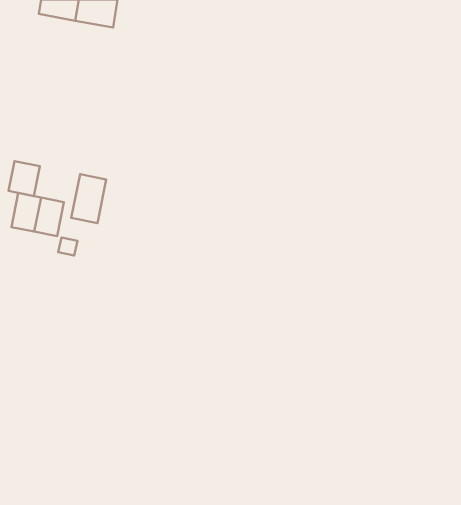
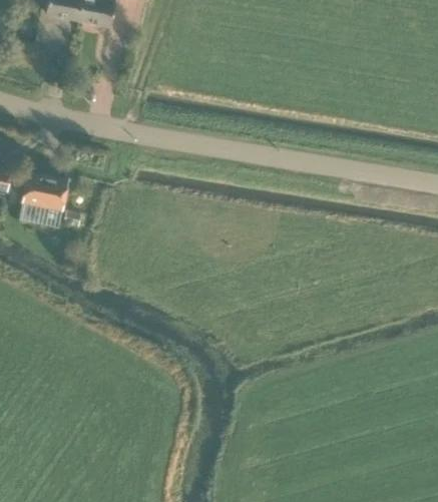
building: [9,161,40,196] -> none
building: [71,174,106,223] -> none

